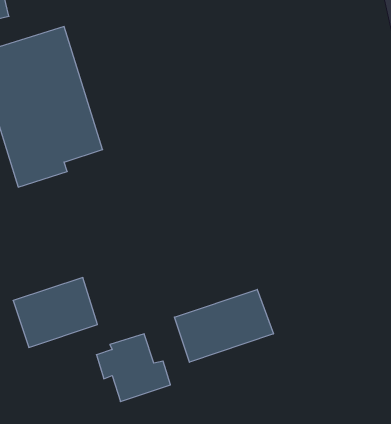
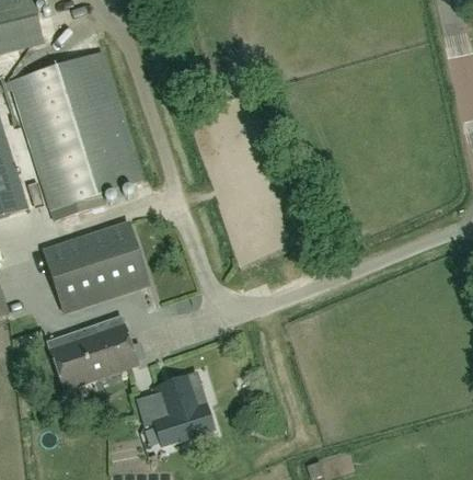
building: none -> [44,220,146,302]
building: [174,289,273,362] -> none

